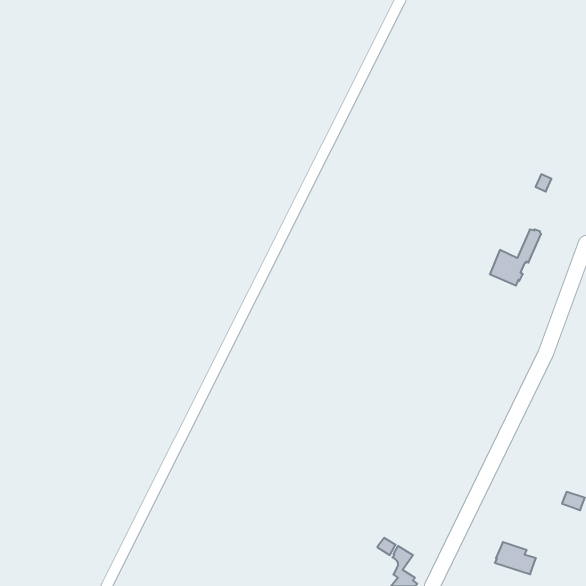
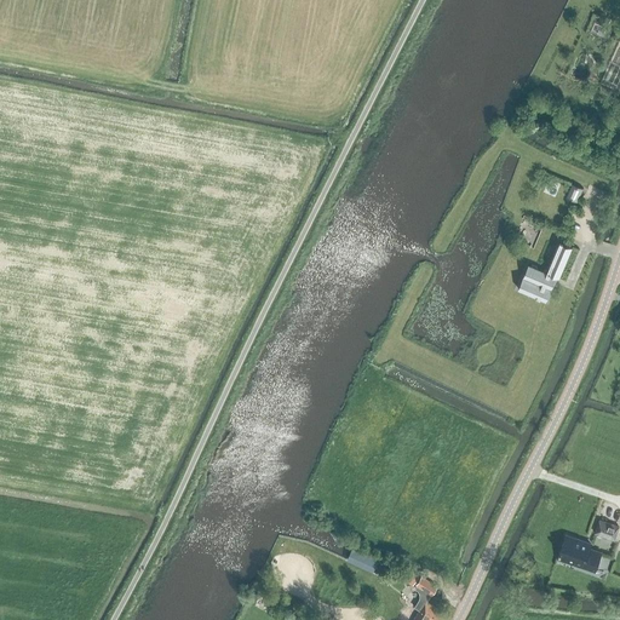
building: [495,542,536,574] -> [557,536,601,570]

